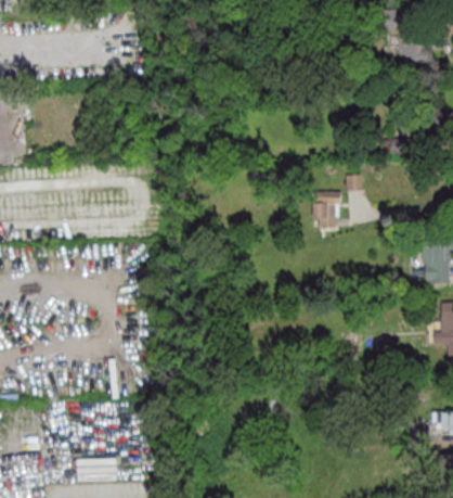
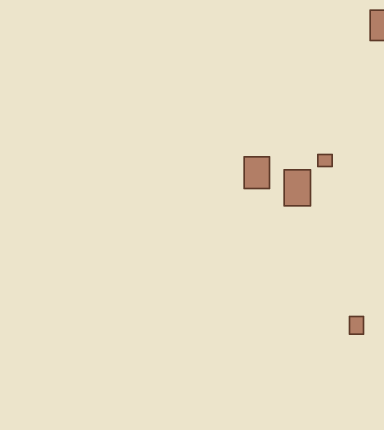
building: none -> [244,157,269,189]

